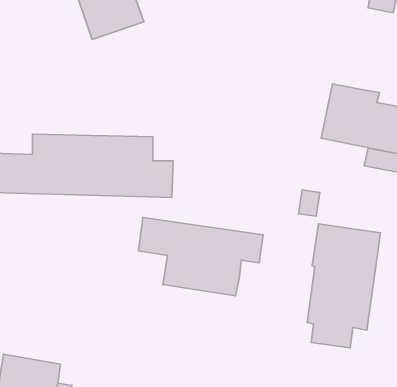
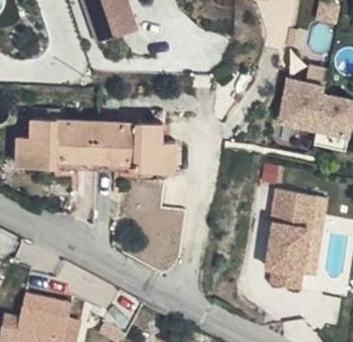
building: [138,218,263,296] -> none

